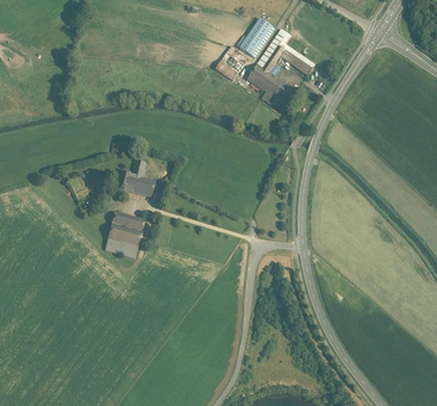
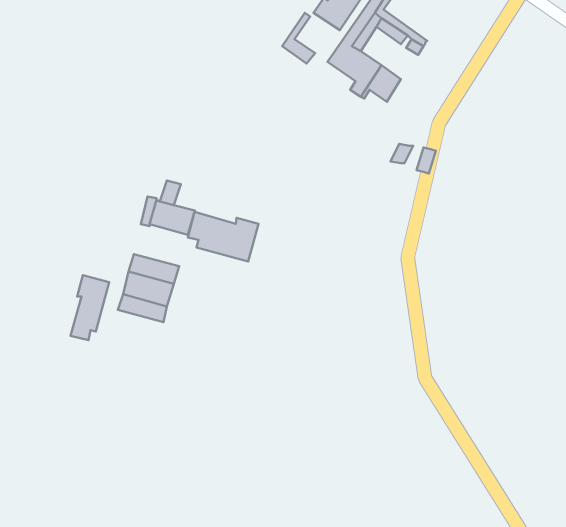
building: none -> [188,212,259,262]
building: none -> [70,275,109,340]

